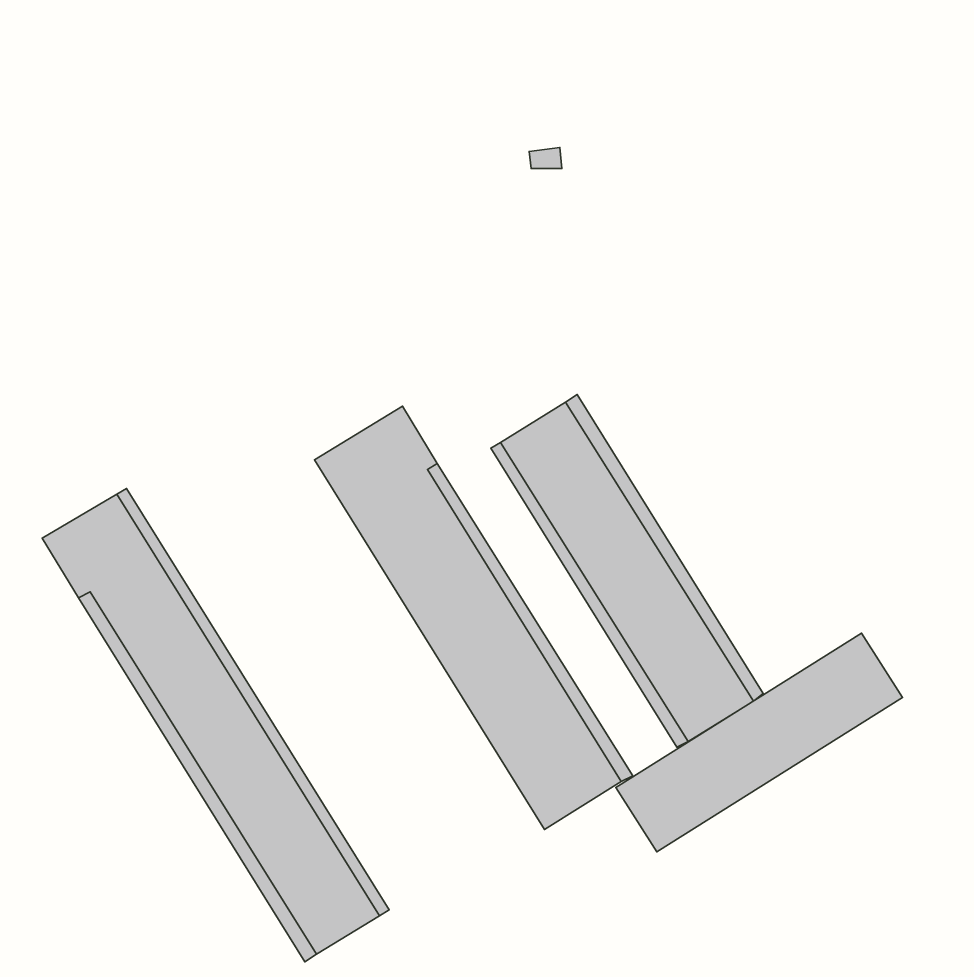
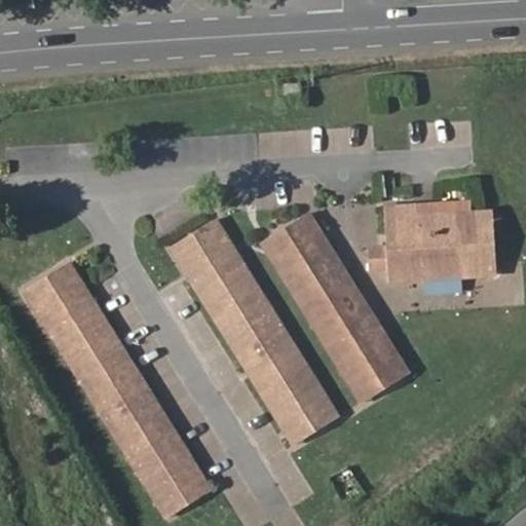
building: none -> [370,200,497,279]
building: [616,633,903,852] -> none

